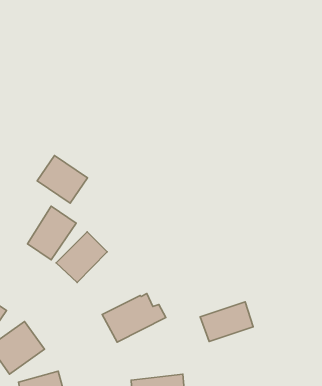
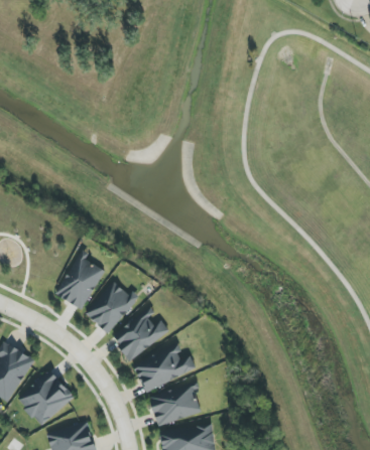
building: [37,155,88,203] -> none
building: none -> [113,308,168,360]
building: [200,302,253,342] -> [149,386,203,426]

